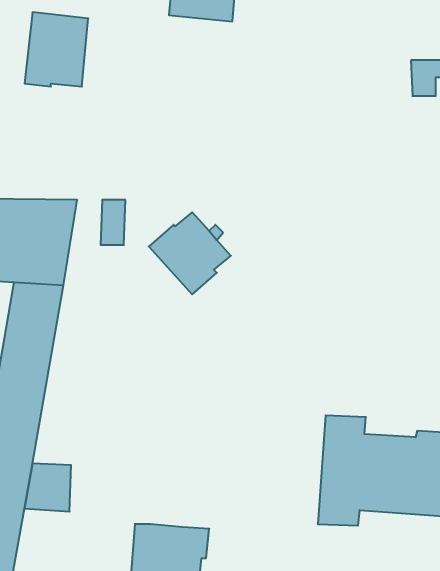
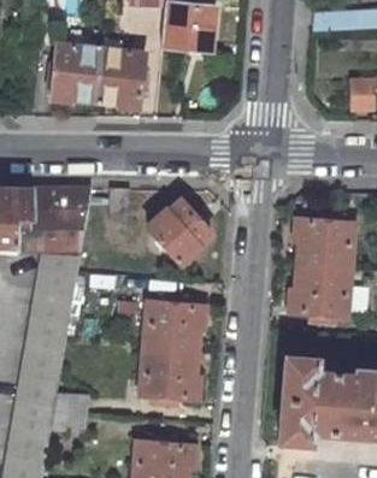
building: none -> [95,48,145,108]
building: none -> [289,218,354,315]
building: none -> [140,301,205,399]

